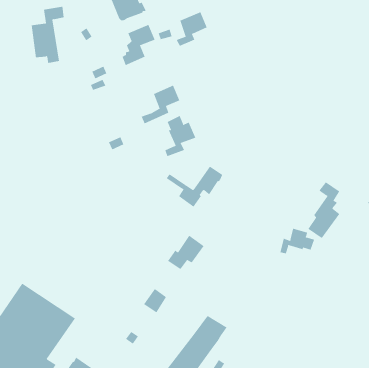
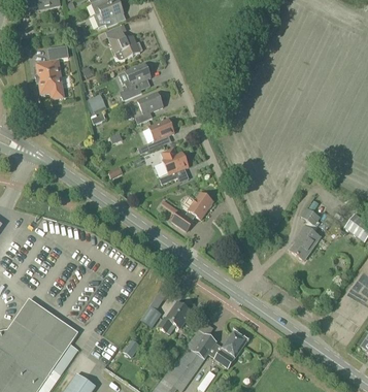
building: [176,12,207,46] -> [134,91,163,123]
building: [280,228,315,254] -> none
building: [167,235,204,270] -> [157,301,191,333]
building: none -> [208,332,245,367]

